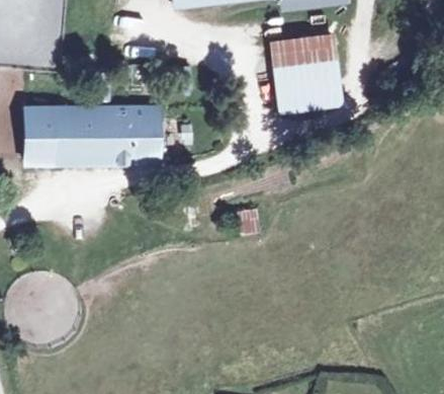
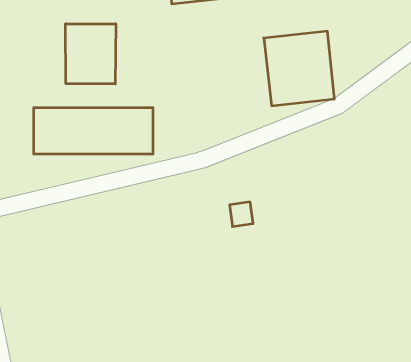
building: none -> [66,24,116,84]

